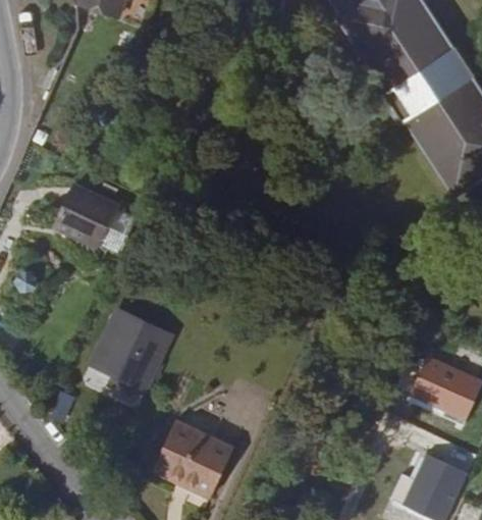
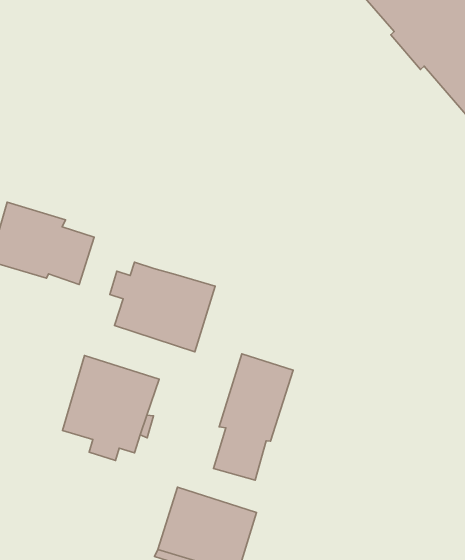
building: none -> [110,262,215,352]
building: none -> [214,354,293,480]

